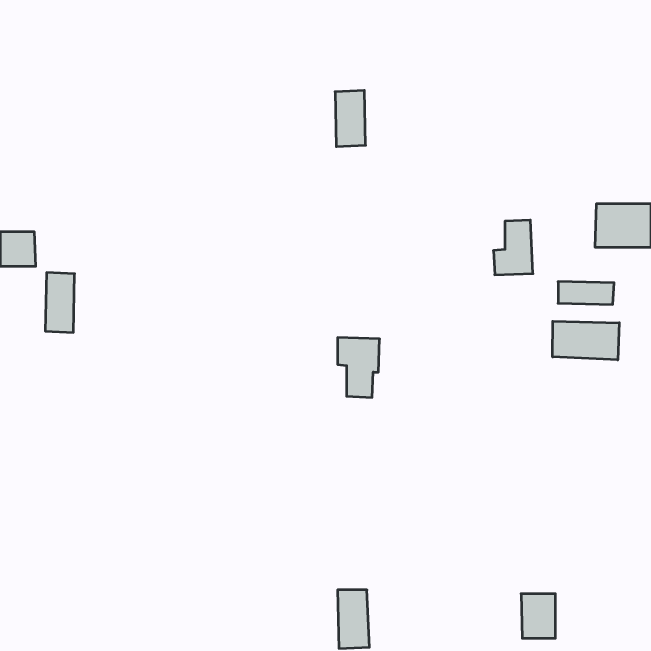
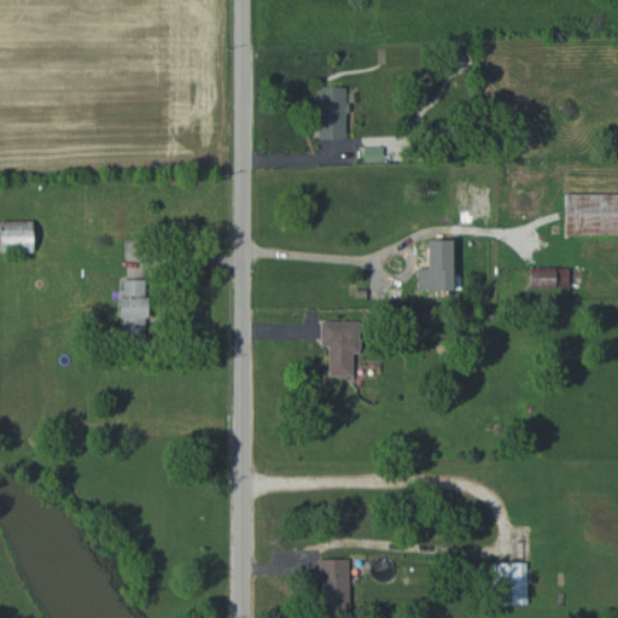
building: [493,220,533,275] -> [416,239,454,291]
building: [45,273,75,332] -> [119,279,147,336]
building: [553,321,619,360] -> none

